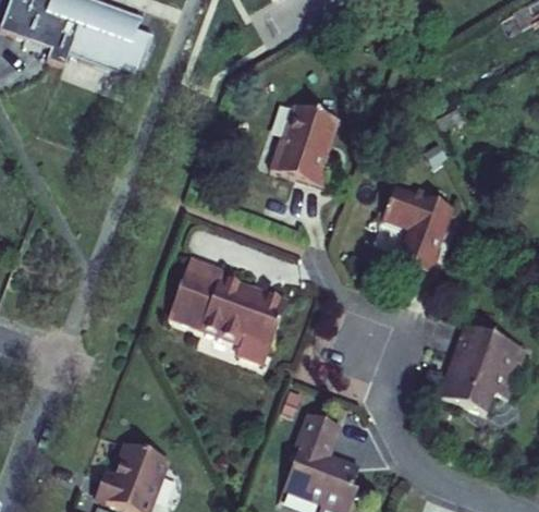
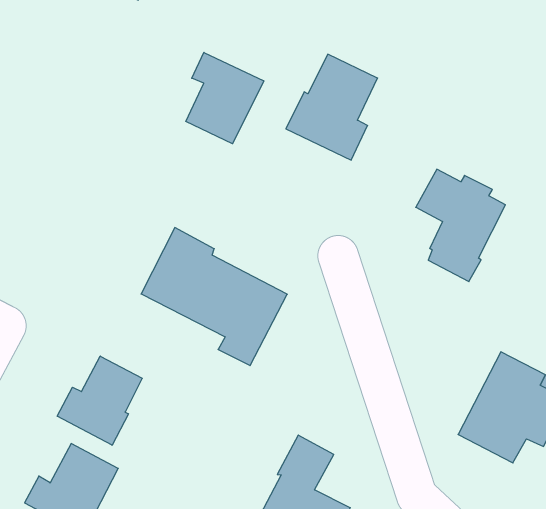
building: none -> [186,52,264,144]
building: none -> [57,356,142,445]

